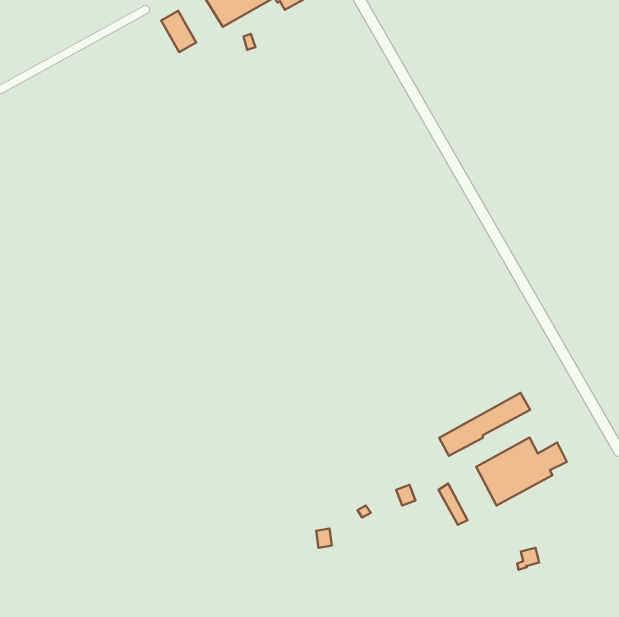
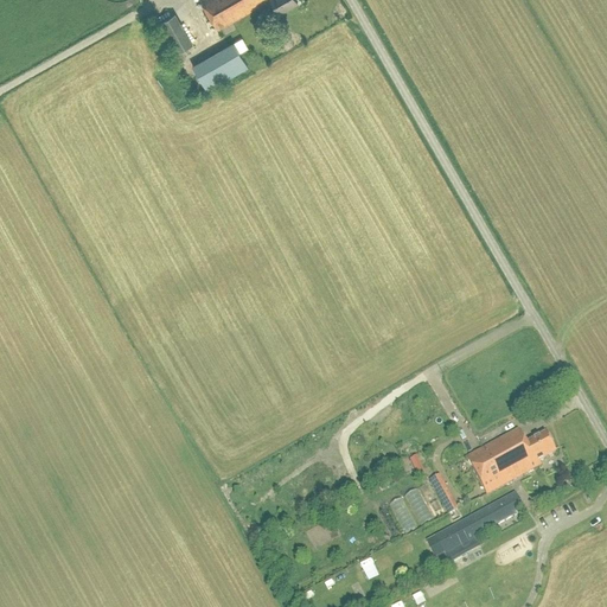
building: none -> [192,39,248,88]
building: [439,393,530,456] -> [435,492,524,554]

